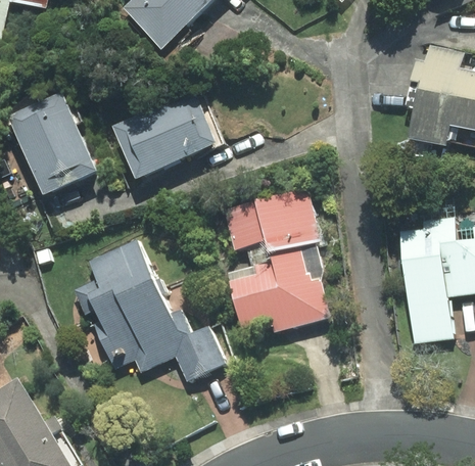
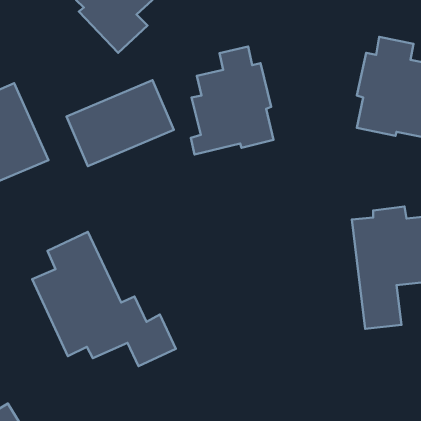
building: none -> [191,46,274,154]
building: [227,190,328,329] -> none

